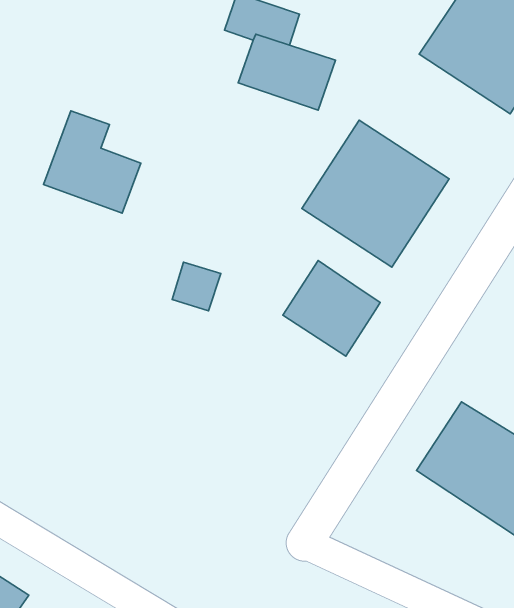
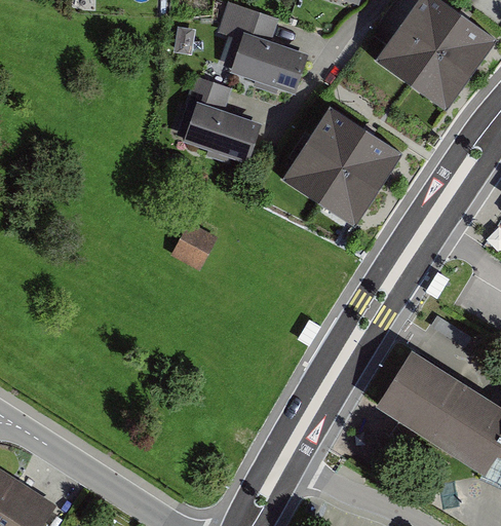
building: [43,111,141,213] -> [176,84,256,168]
building: [283,260,380,356] -> none

